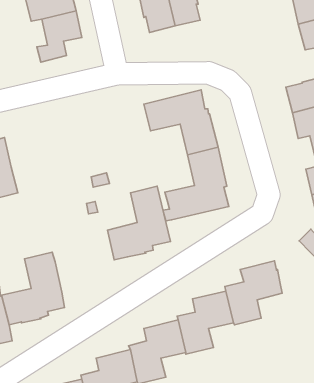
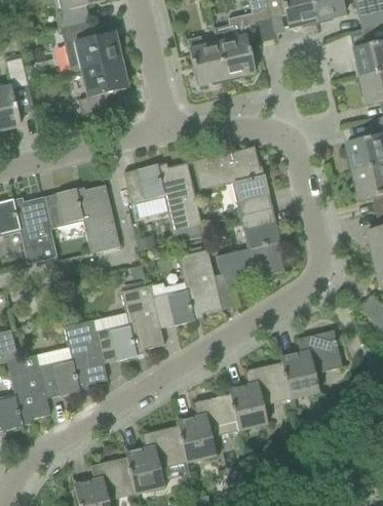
building: none -> [123,162,204,243]
building: none -> [43,185,120,252]
building: none -> [98,284,165,363]

